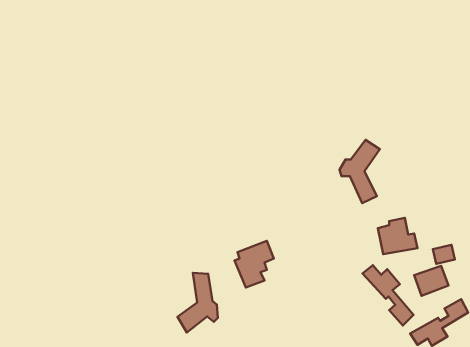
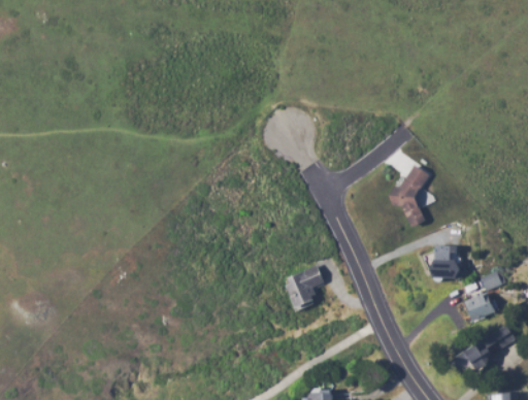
building: [363,265,414,325] -> none
building: [178,273,218,333] -> none

